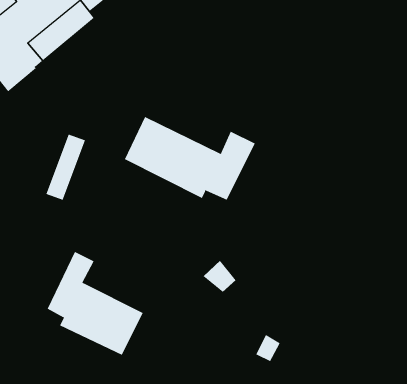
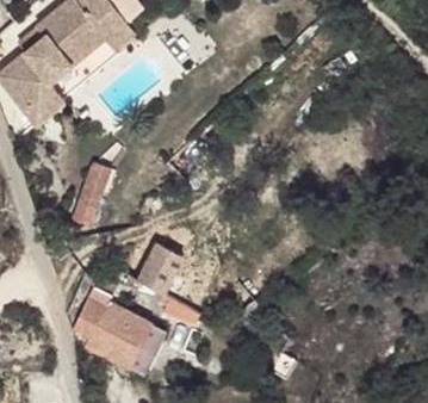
building: [124,116,256,201] -> none
building: none -> [136,243,182,294]

